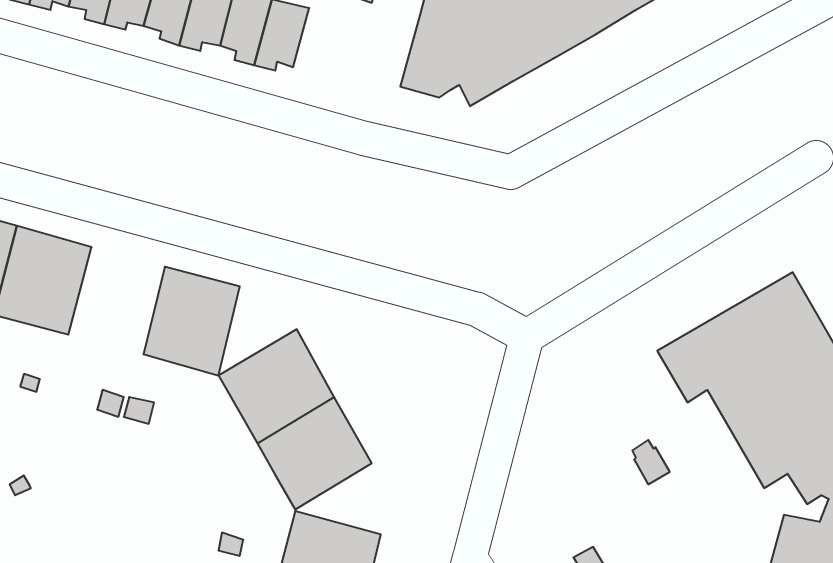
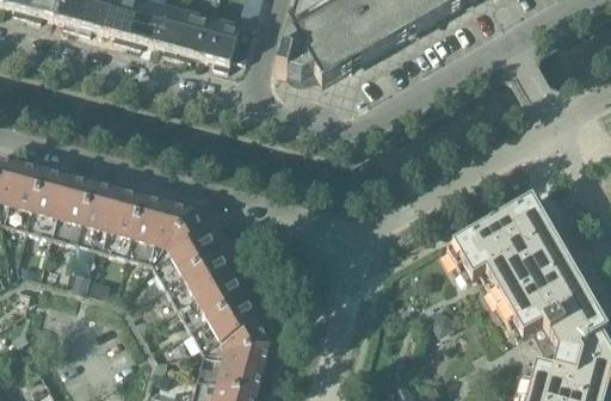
building: none -> [203,17,254,68]
building: none -> [53,177,117,248]
building: none -> [153,203,205,263]
building: none -> [204,321,269,369]

